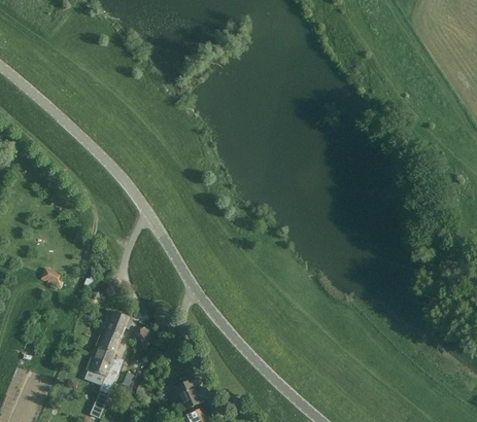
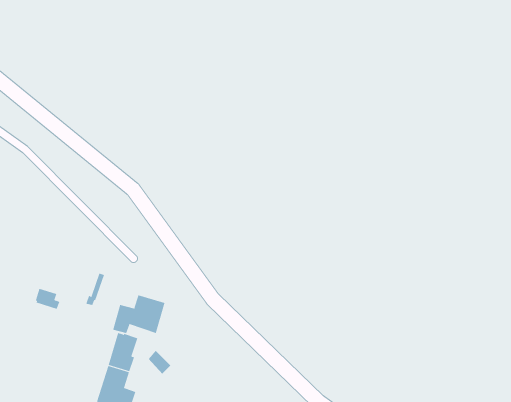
building: none -> [112,295,165,334]

